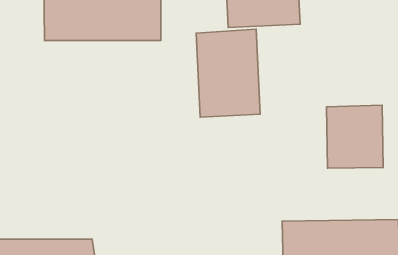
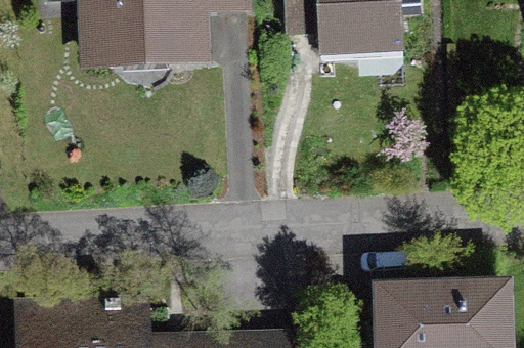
building: [196,29,260,117] -> none
building: [327,105,383,168] -> none

